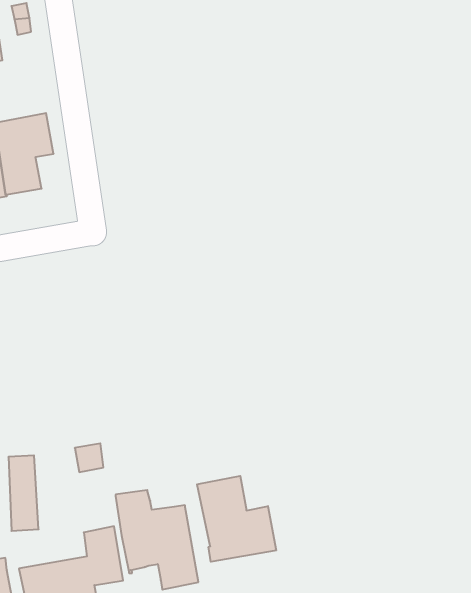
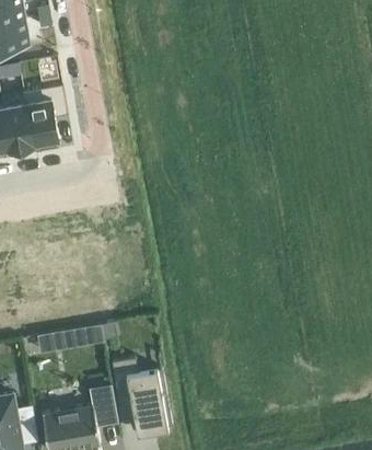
building: [197,476,276,562] -> none

